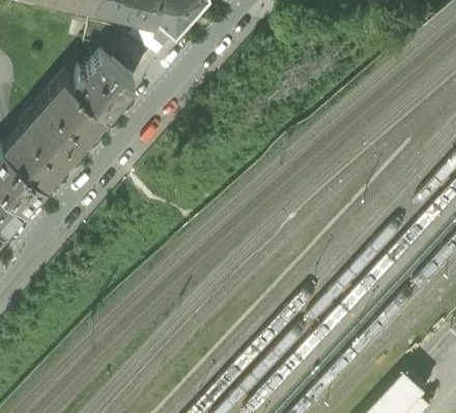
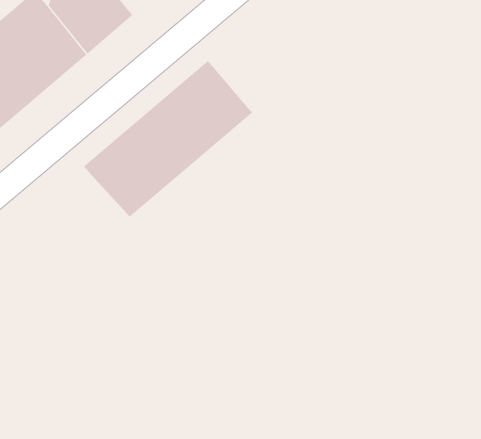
building: none -> [83,60,253,217]

